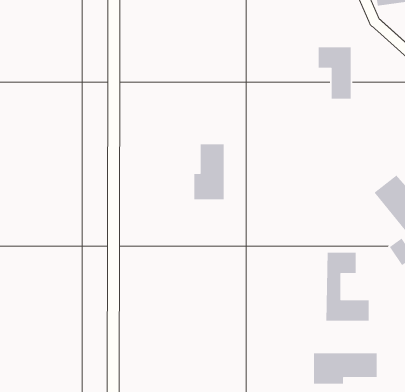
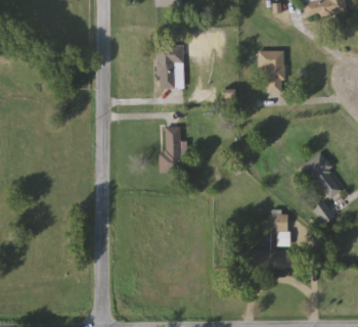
building: none -> [156,44,182,88]
building: [313,353,377,384] -> none

